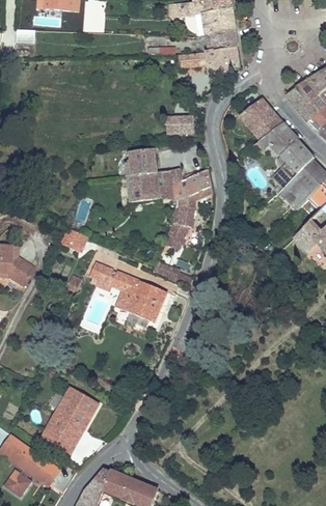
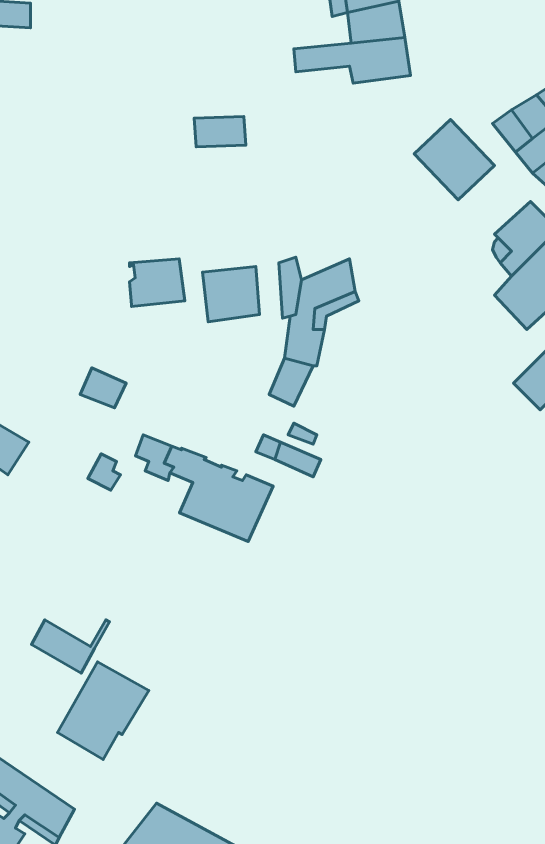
building: [166,116,194,133] -> [194,116,246,147]
building: [267,117,306,154] -> none
building: [127,149,157,175] -> [130,259,185,307]
building: [42,425,84,454] -> [31,620,110,673]

